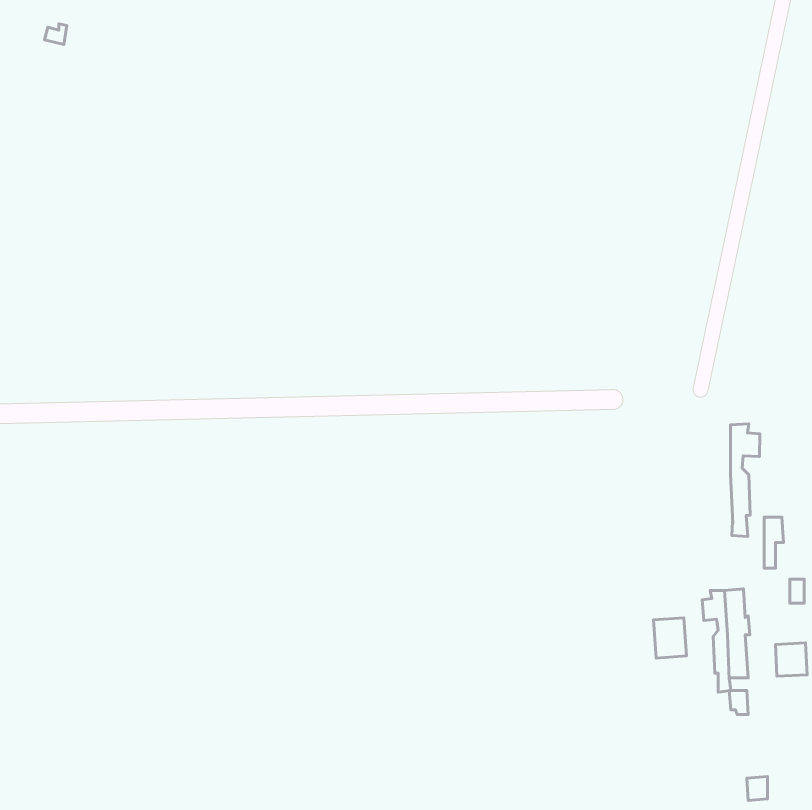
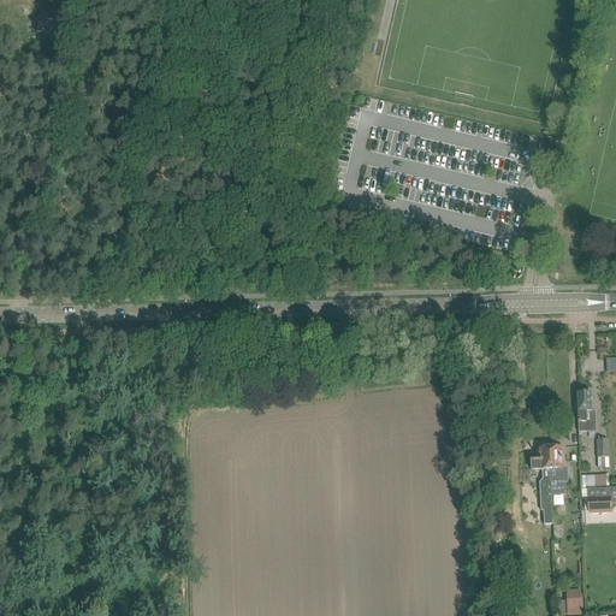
building: [731,424,760,536] -> none
building: [654,618,687,658] -> none

